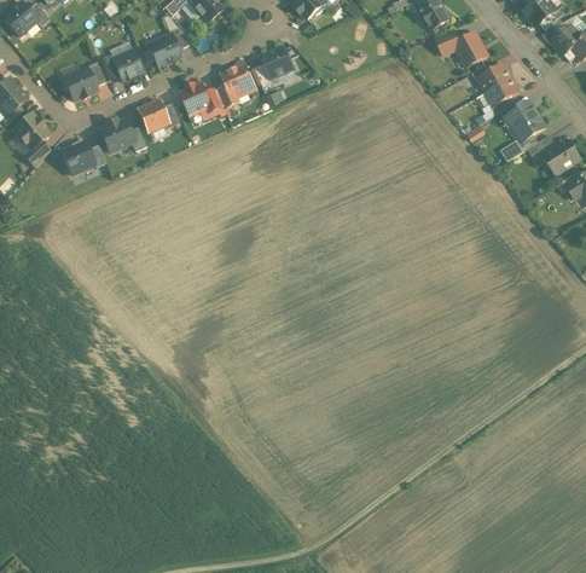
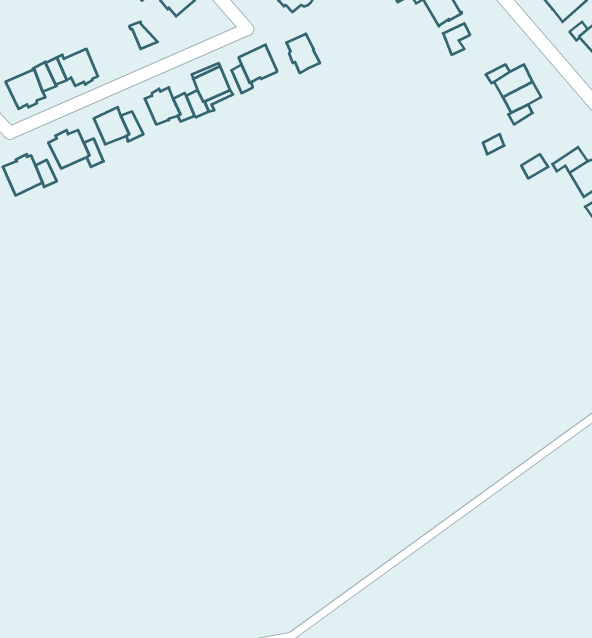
building: [453,31,487,66] -> none
building: [147,33,180,65] -> none
building: none -> [286,34,320,73]
building: [506,100,546,140] -> none

